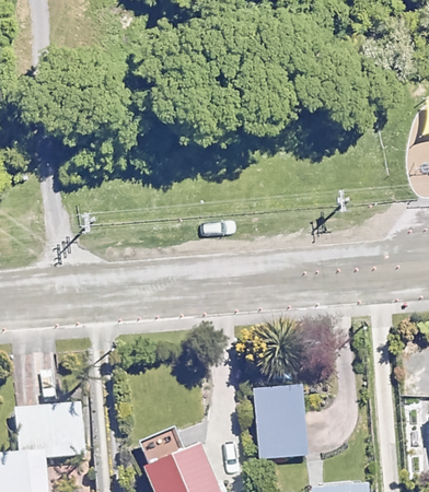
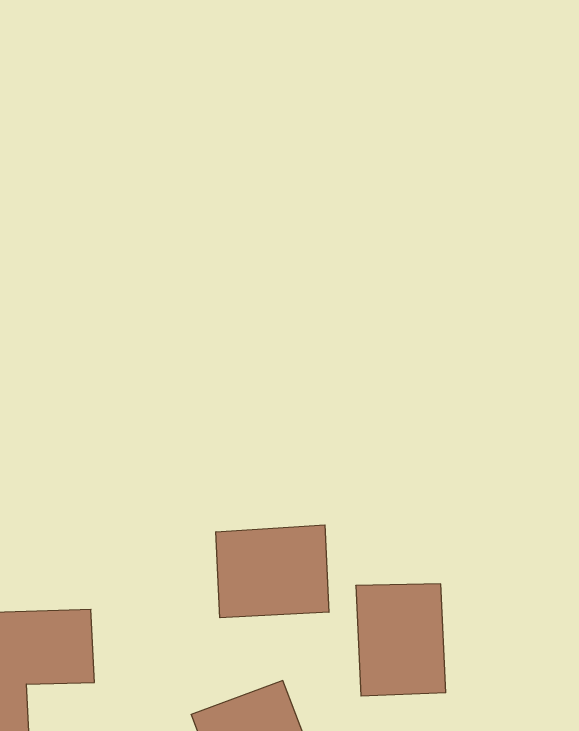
building: none -> [216,525,329,618]

